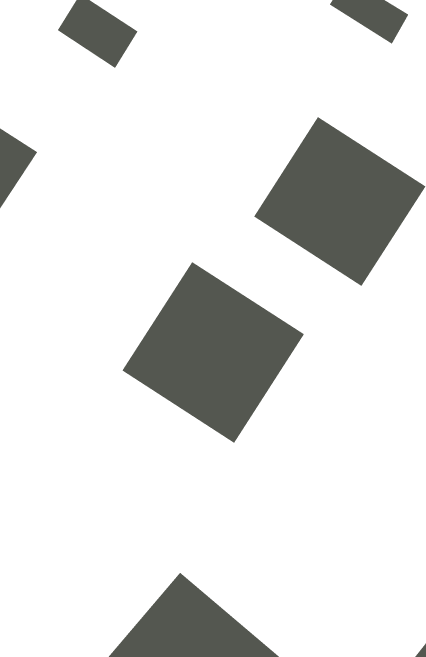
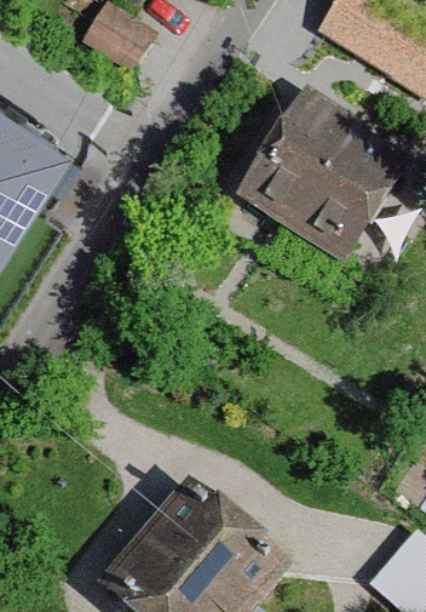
building: [121,261,305,444] -> none

